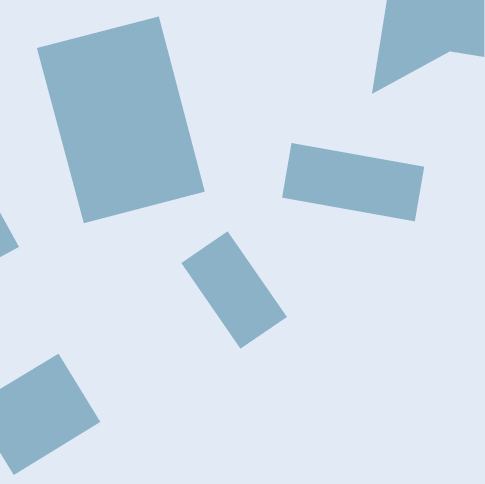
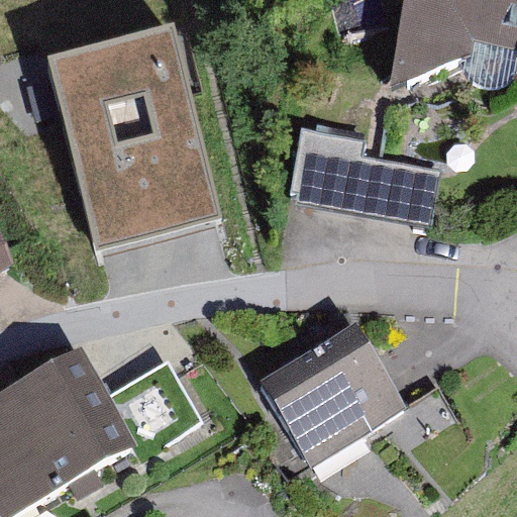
building: [180,230,288,350] -> none
building: none -> [278,322,417,452]

